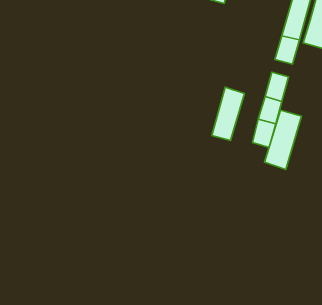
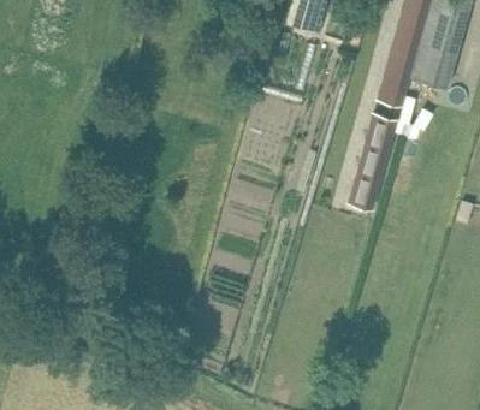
building: [212,87,244,140] -> none
building: [265,110,301,169] -> none

